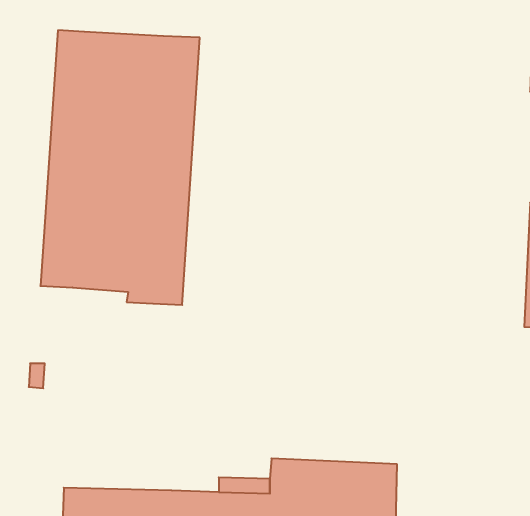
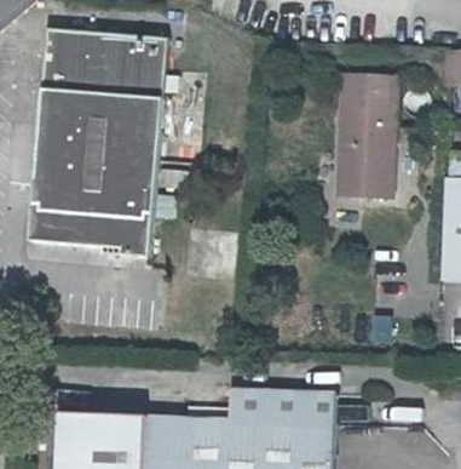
building: none -> [333,75,394,195]

